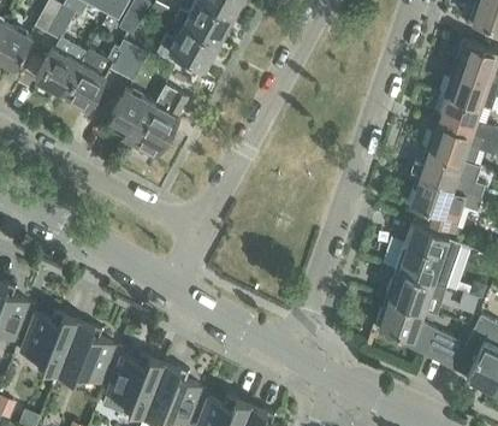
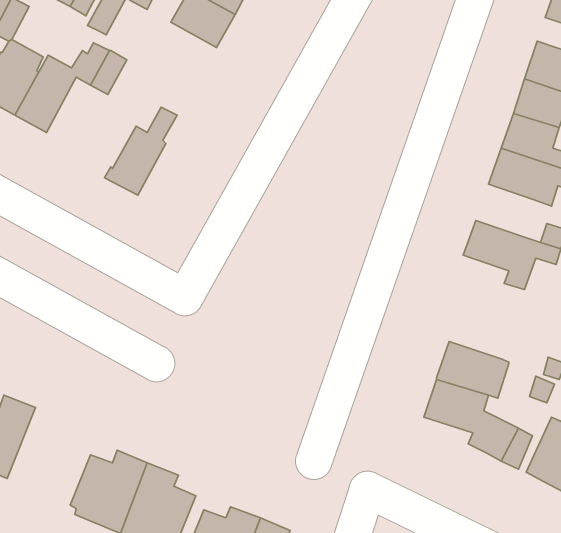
building: [156,25,218,70] -> none
building: [111,89,156,137] -> none
building: [416,149,461,189] -> none
building: [396,221,460,288] -> none
building: [58,320,115,387] -> none

